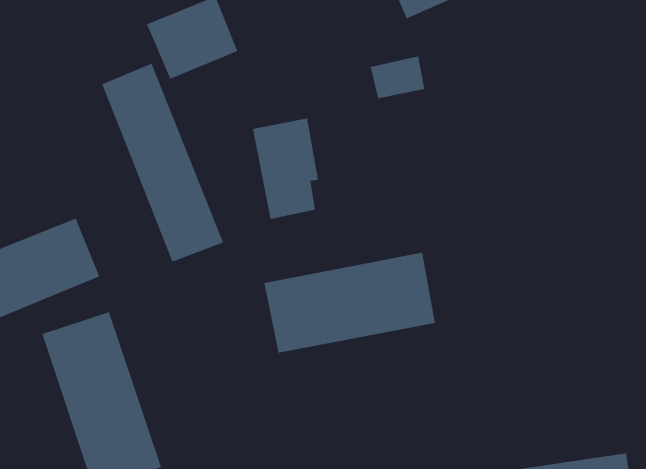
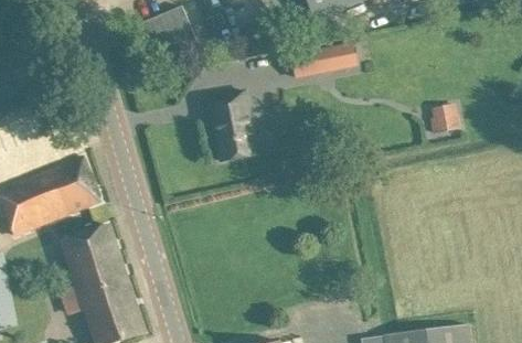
building: [101,63,224,262] -> none
building: none -> [428,100,459,131]
building: [264,252,435,353] -> none

